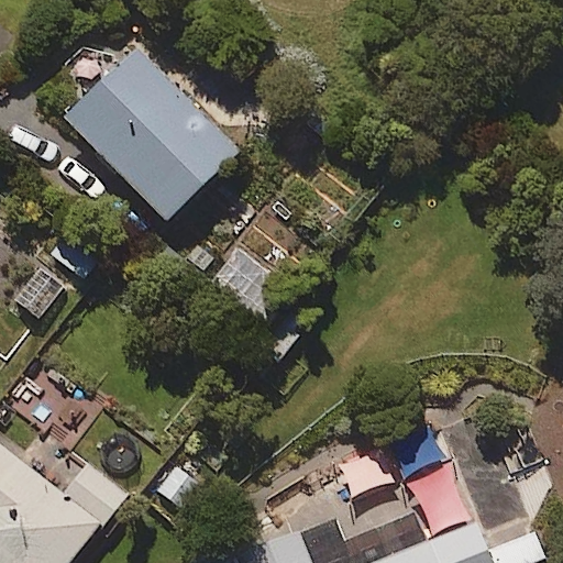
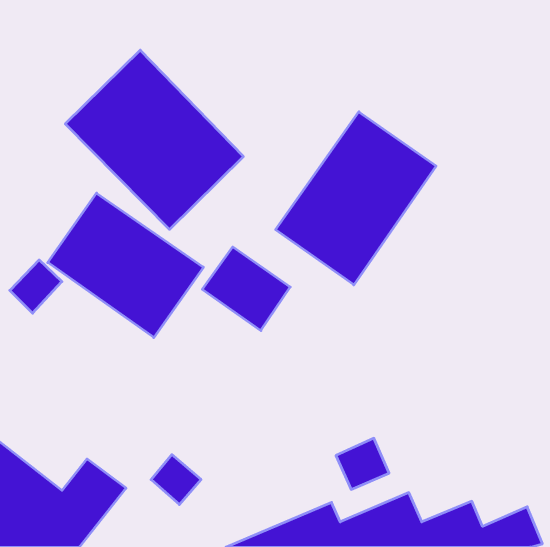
building: none -> [276,112,436,285]
building: none -> [48,193,203,338]

